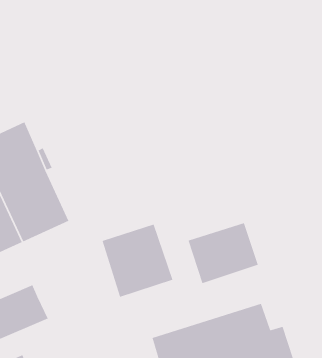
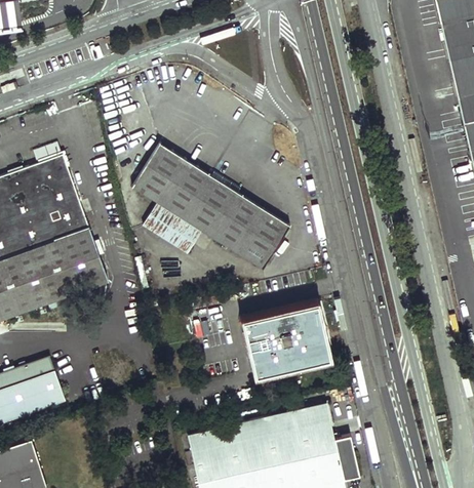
building: none -> [132,146,288,270]
building: [101,223,173,298] -> none

